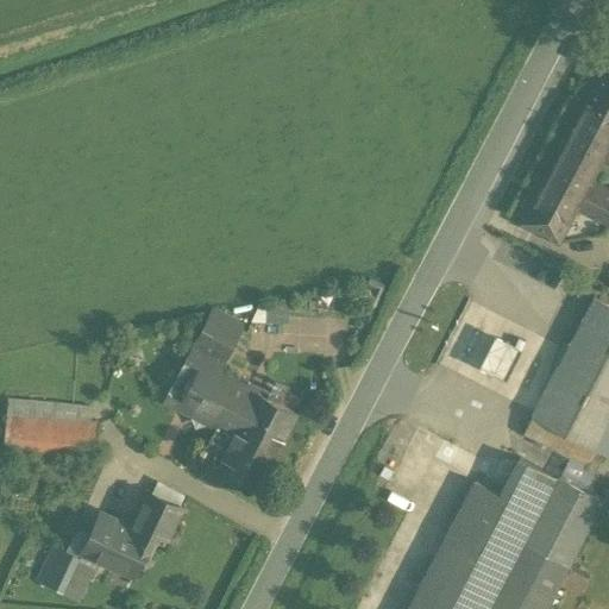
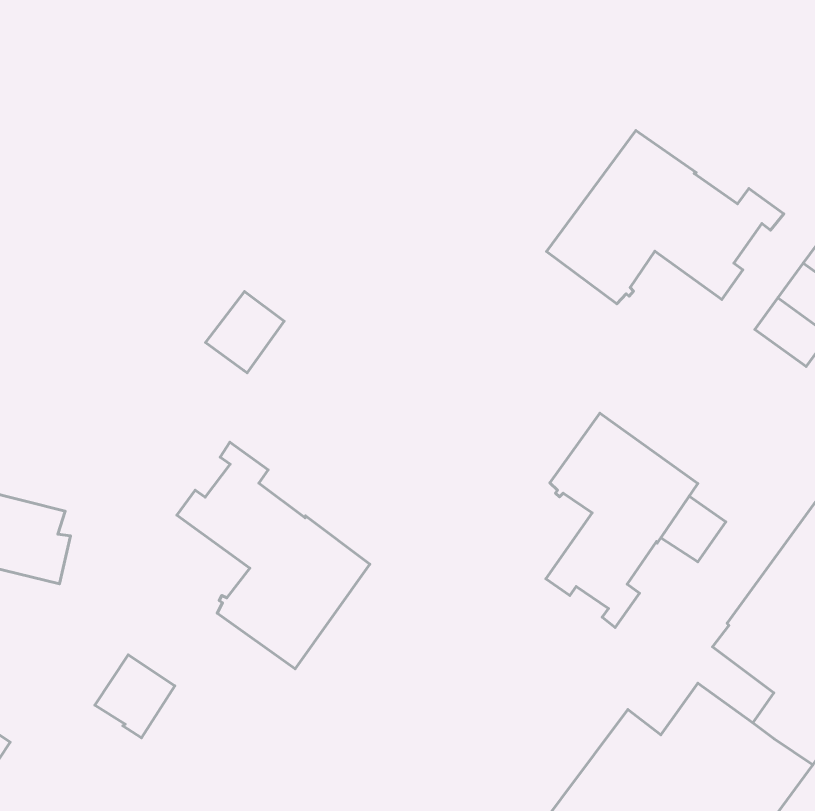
building: none -> [546,130,784,304]
building: none -> [546,413,698,628]
building: [194,309,243,362] -> [206,291,284,373]
building: [82,515,153,578] -> none

